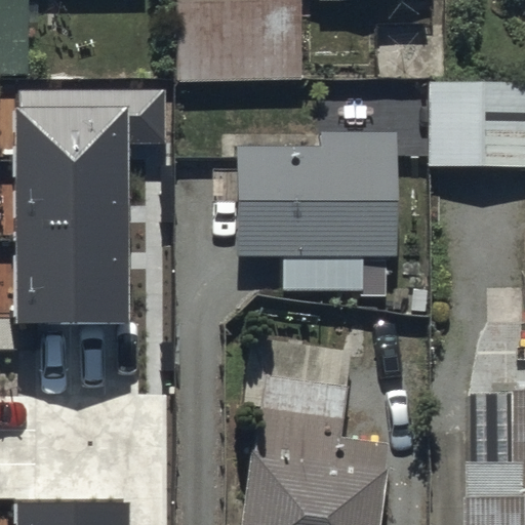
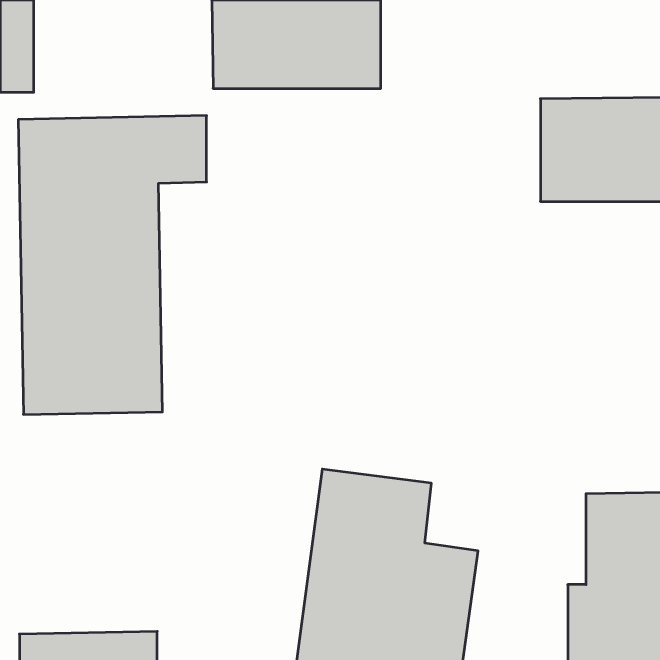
building: [239,140,398,253] -> none

